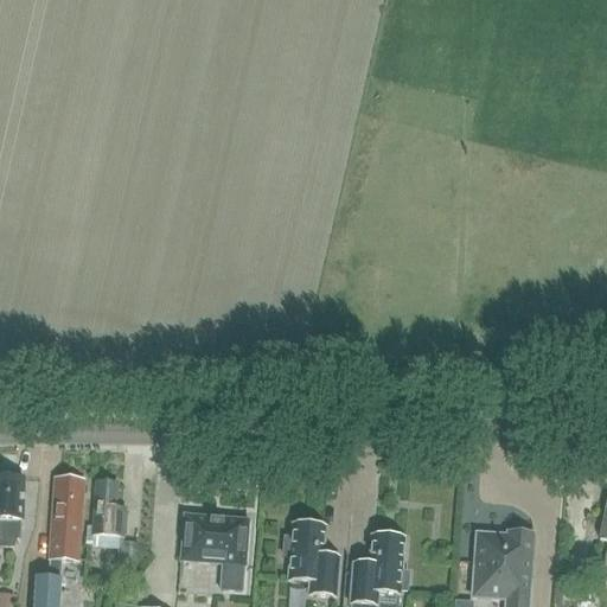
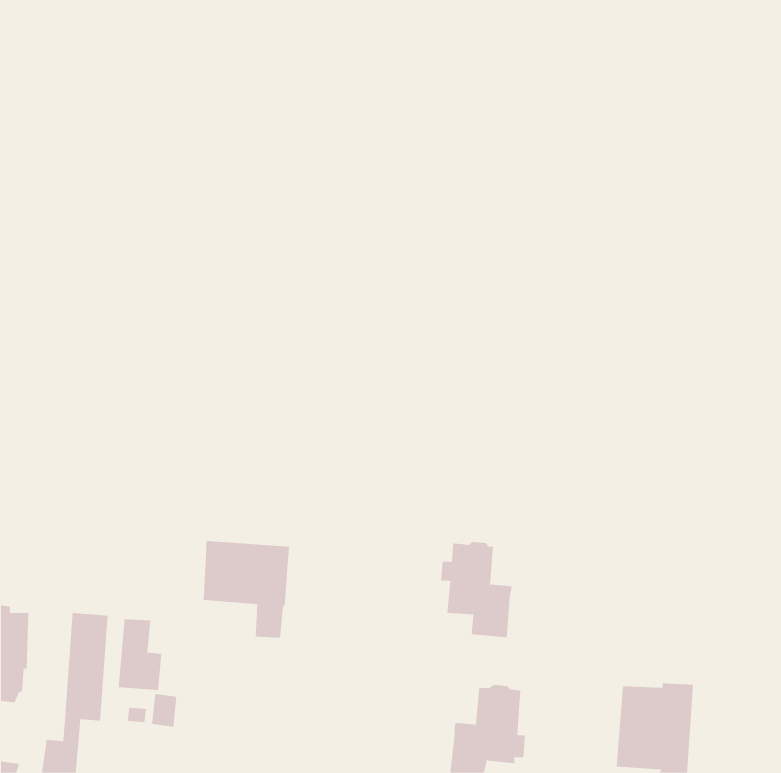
building: [180,512,248,588] -> [203,540,290,638]
building: [283,520,339,595] -> [440,541,512,638]

